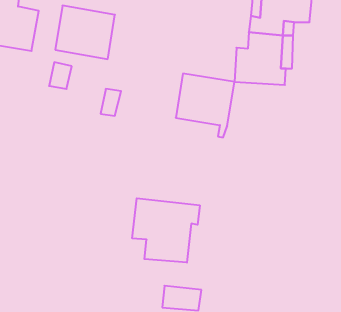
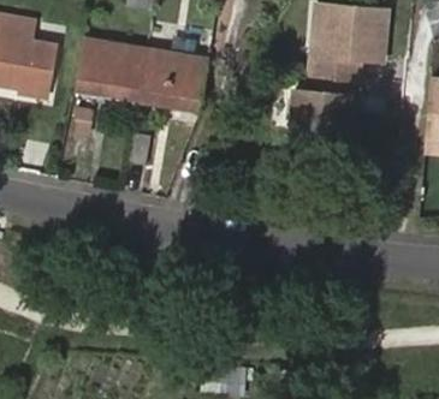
building: [176,74,234,137] -> [140,50,208,125]
building: [132,198,200,263] -> none

